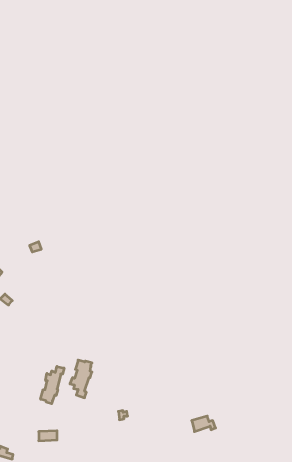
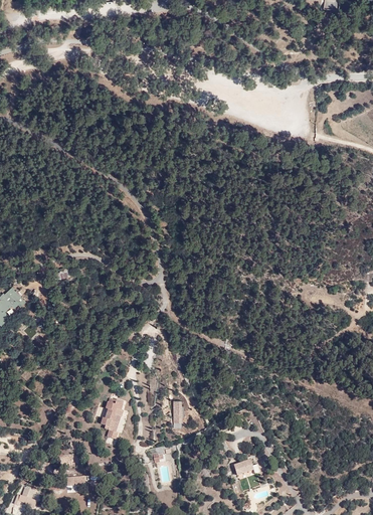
building: [41,366,64,404] -> none

